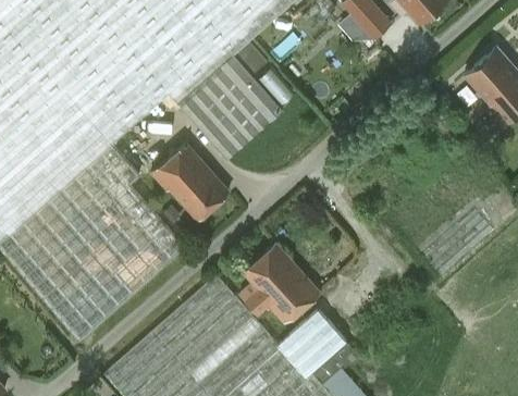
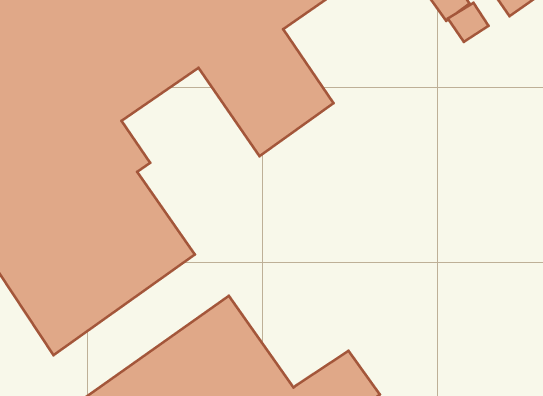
building: [152,141,230,218] -> none
building: [237,242,320,321] -> none

